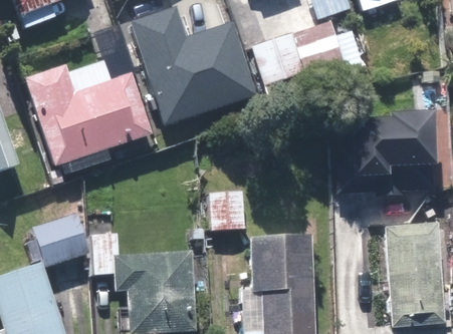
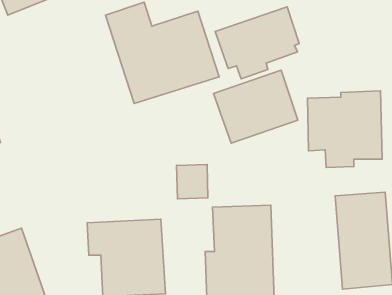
building: [27,59,155,169] -> none
building: none -> [214,70,298,143]
building: [34,212,89,265] -> none

